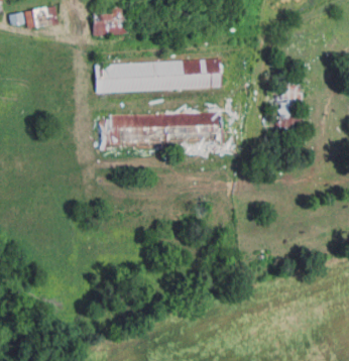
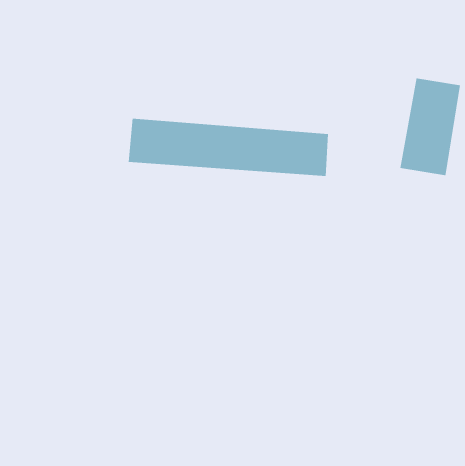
building: [94,59,222,93] -> none

